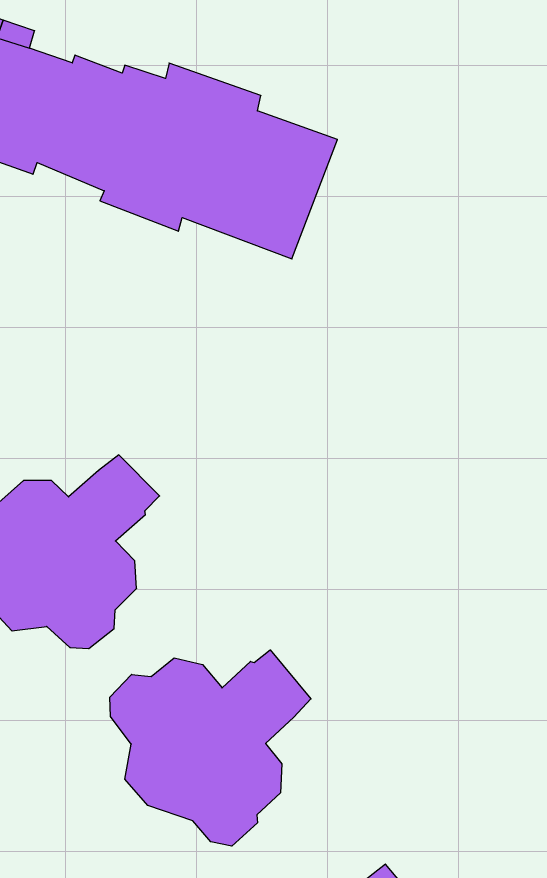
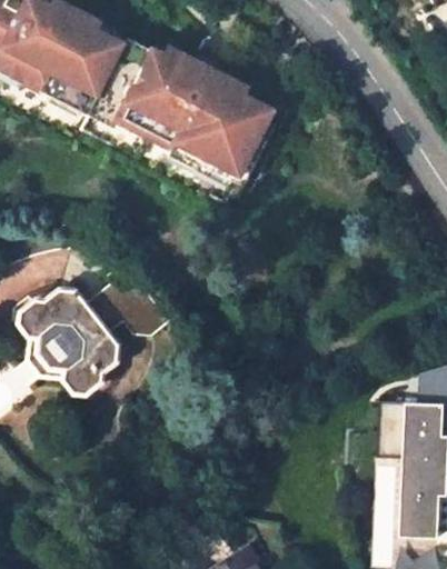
building: [110,650,311,846] -> none

